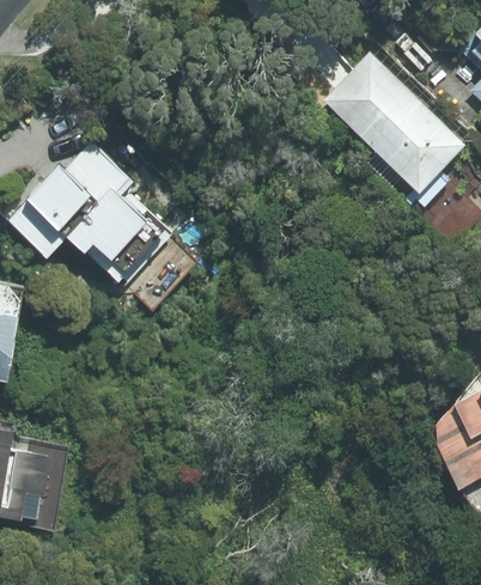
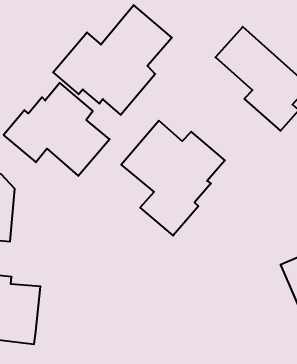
building: none -> [53,5,172,115]
building: none -> [121,121,225,236]

